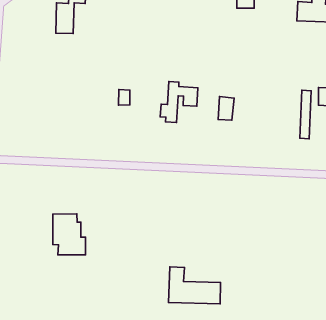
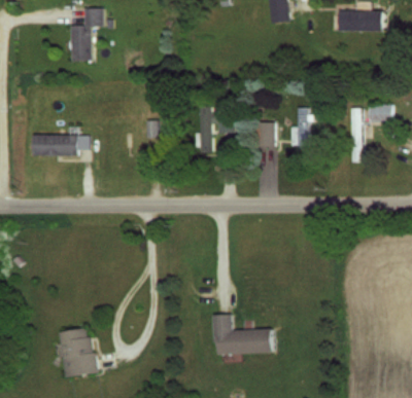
building: none -> [289,109,314,146]
building: none -> [33,136,90,156]
building: [53,214,86,255] -> [59,328,98,375]

